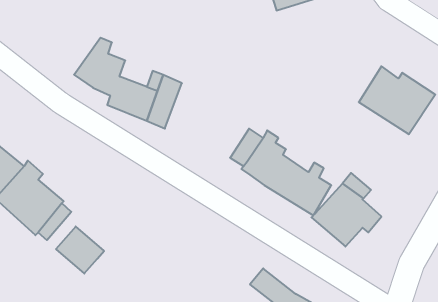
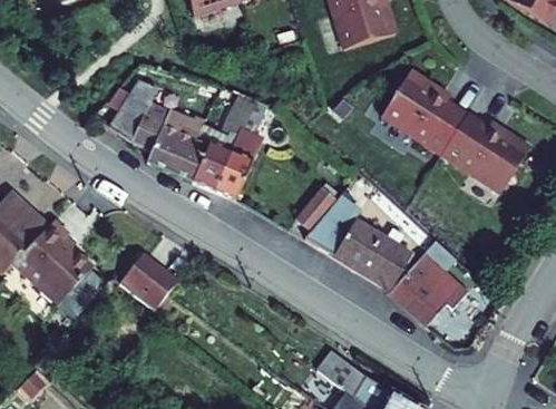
building: none -> [382,68,469,155]
building: none -> [214,96,261,194]
building: [56,226,104,274] -> [120,254,177,310]

